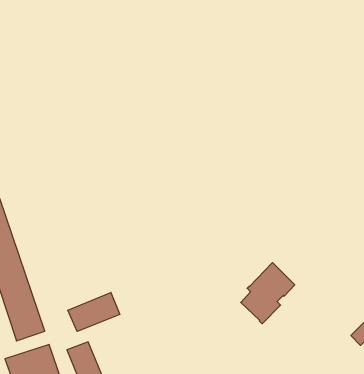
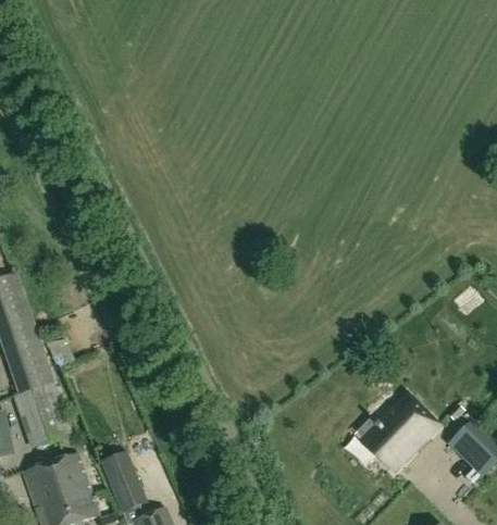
building: [241,263,295,324] -> [366,392,433,467]
building: [68,292,120,331] -> none

